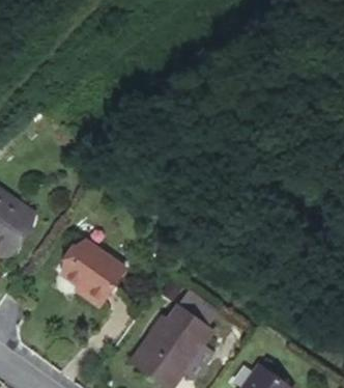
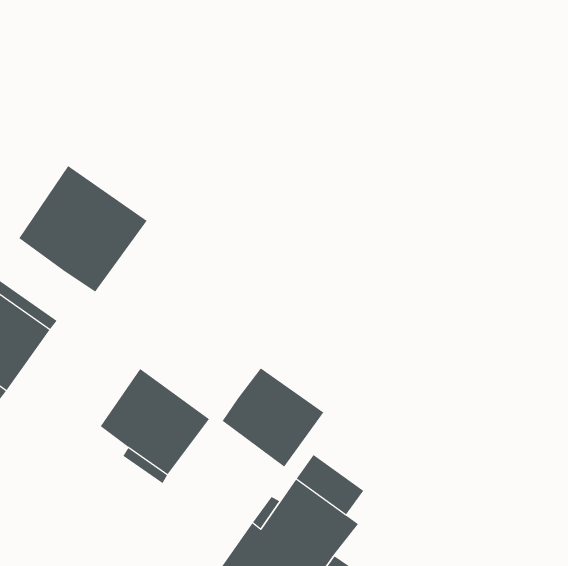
building: none -> [19,165,147,293]
building: none -> [222,368,324,468]

